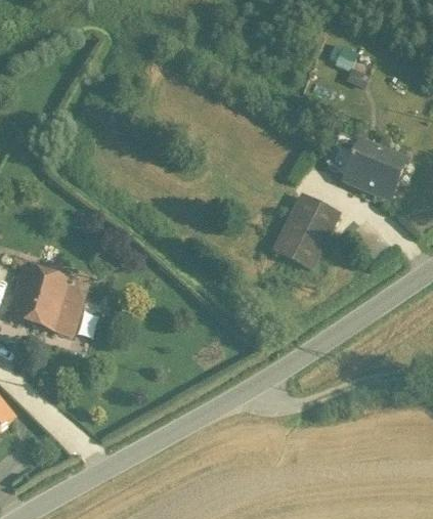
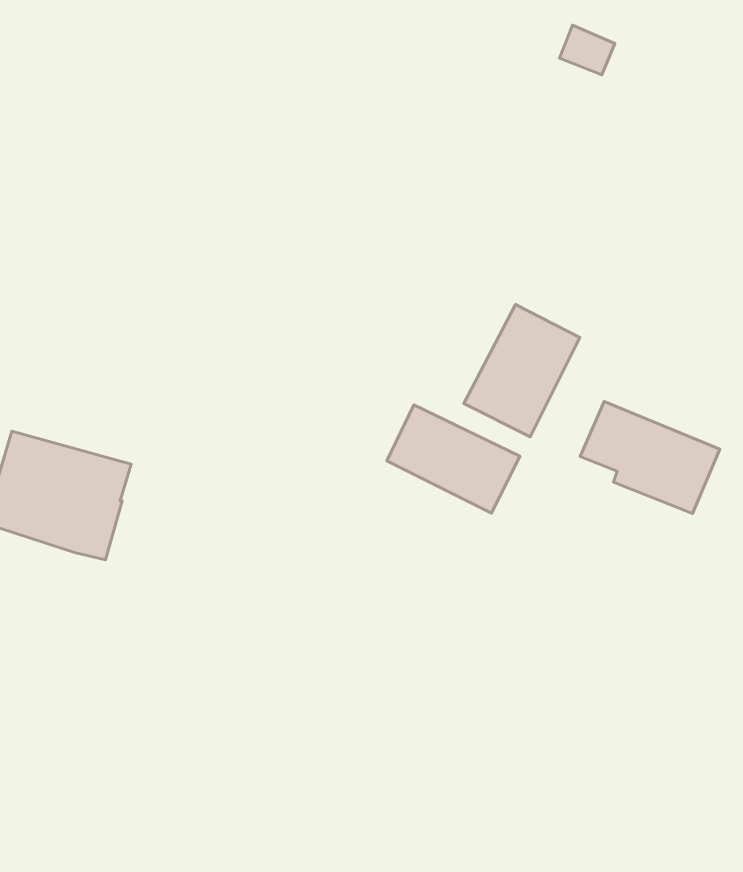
building: [330,135,407,198] -> [580,401,720,513]
building: none -> [387,405,520,513]

